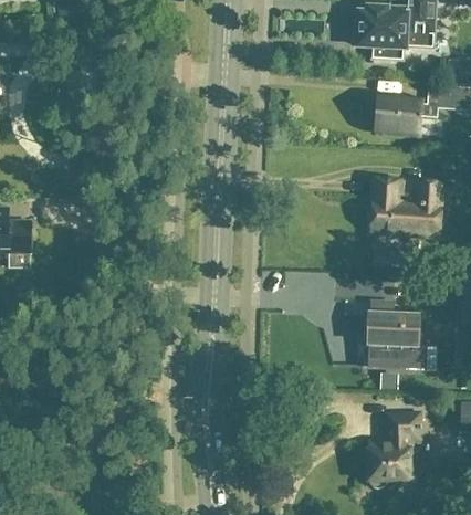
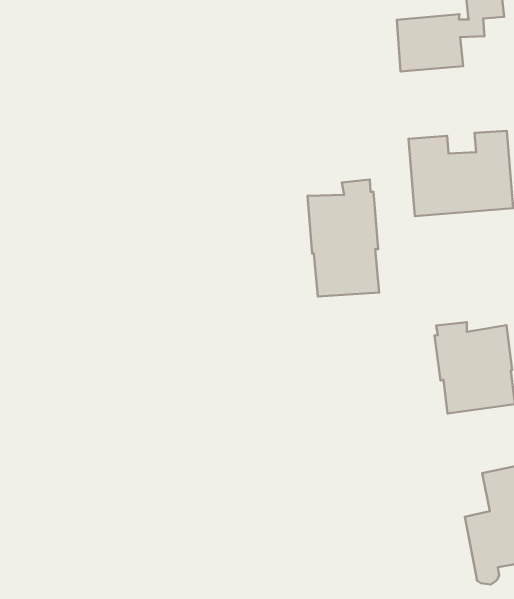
building: none -> [307,180,379,296]

